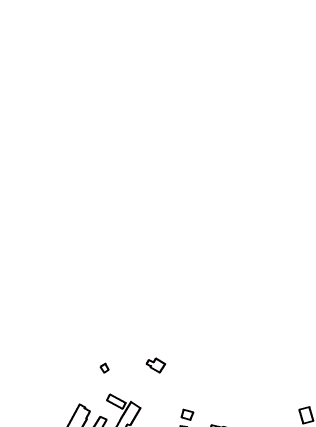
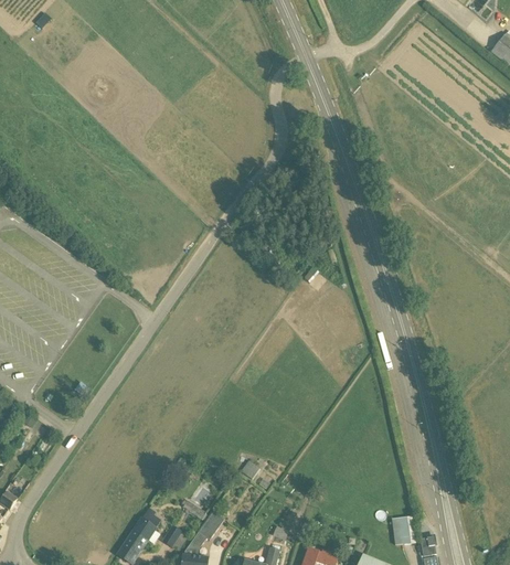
building: none -> [391,516,415,545]

